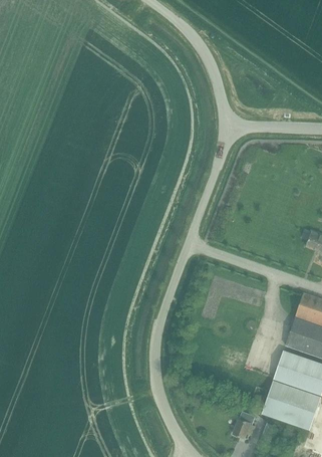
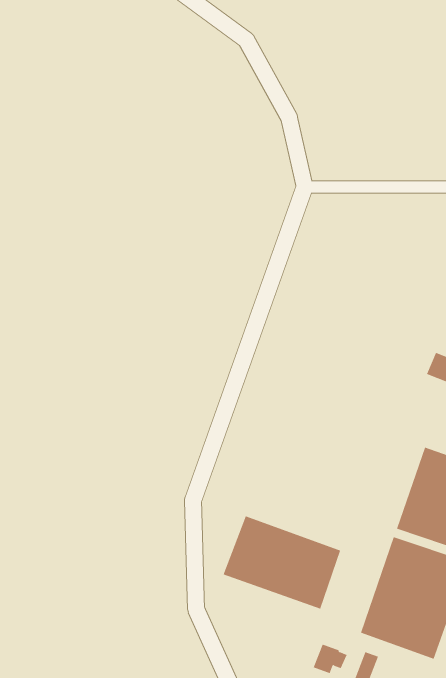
building: none -> [223,516,341,610]

